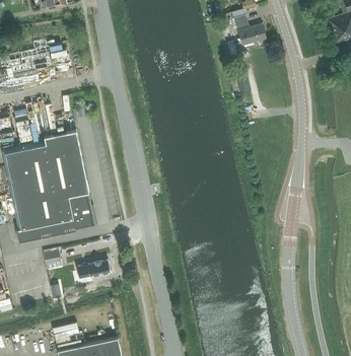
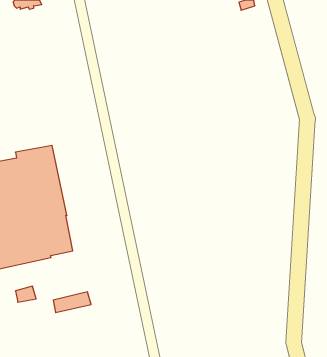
building: [233,15,266,47] -> none

